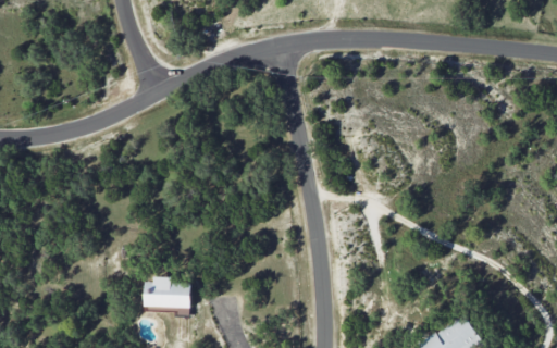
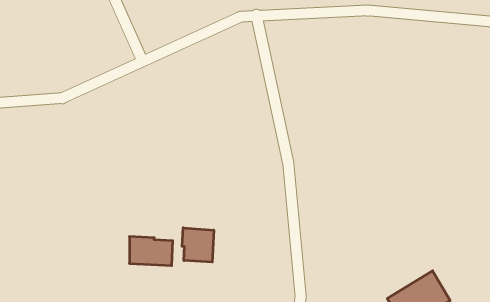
building: none -> [182,228,214,262]

